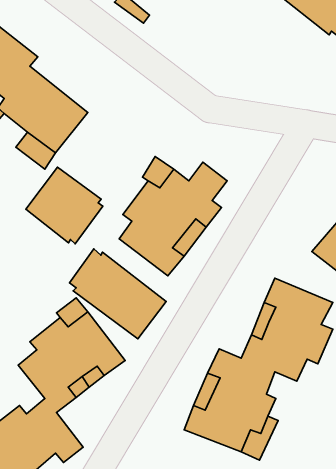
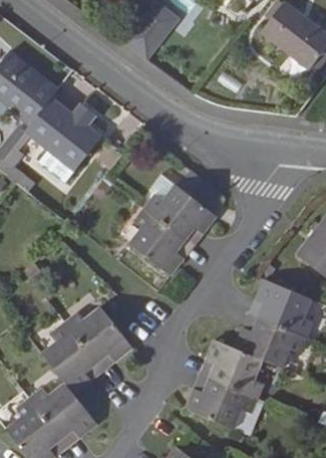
building: [26,167,103,244] -> none
building: [69,249,166,339] -> none

